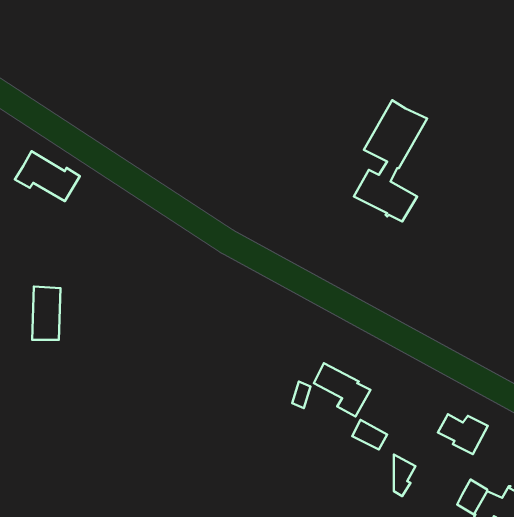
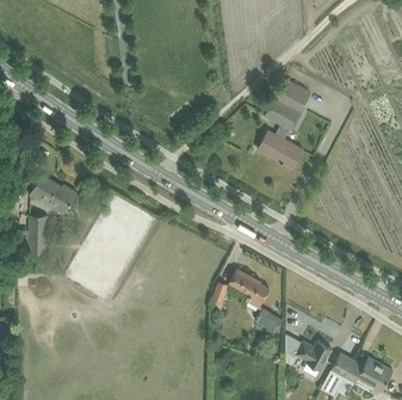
building: [15,151,80,201] -> [30,176,76,211]
building: [438,414,488,454] -> [296,341,332,370]

